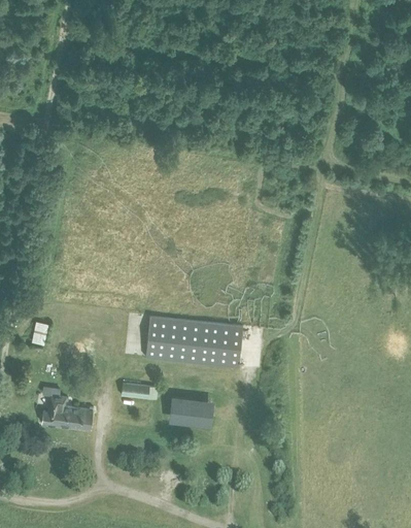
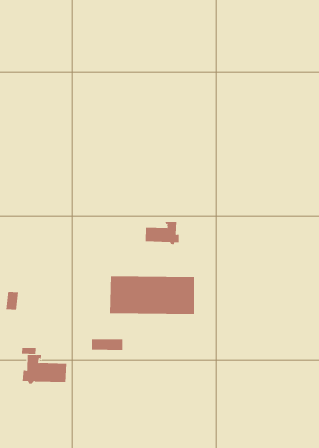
building: none -> [145,221,179,245]
building: [167,396,211,427] -> none

